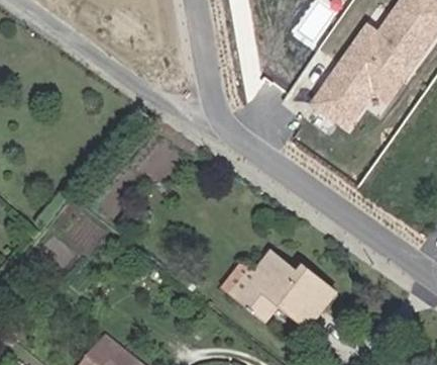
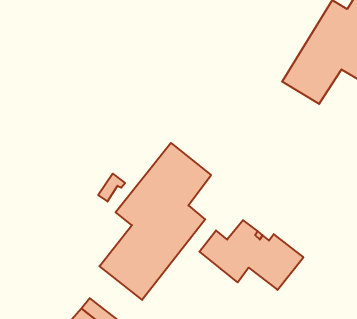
building: none -> [99,143,211,300]

